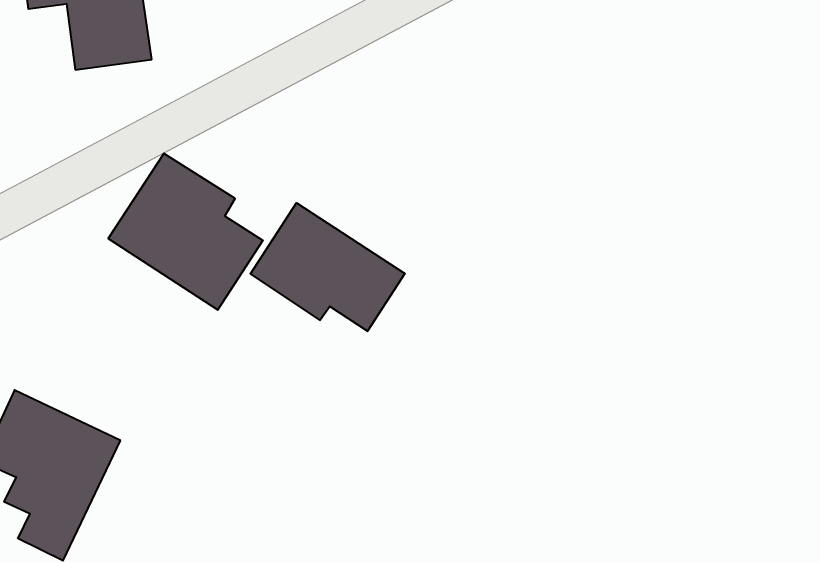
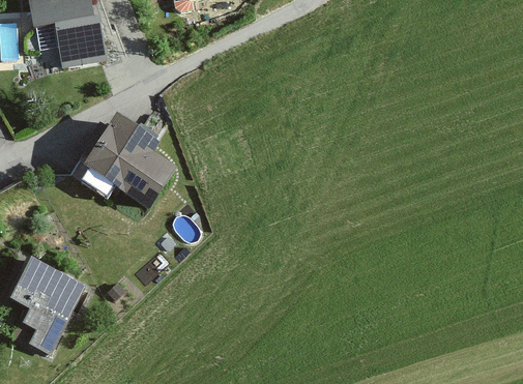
building: [250,203,405,331] -> none

